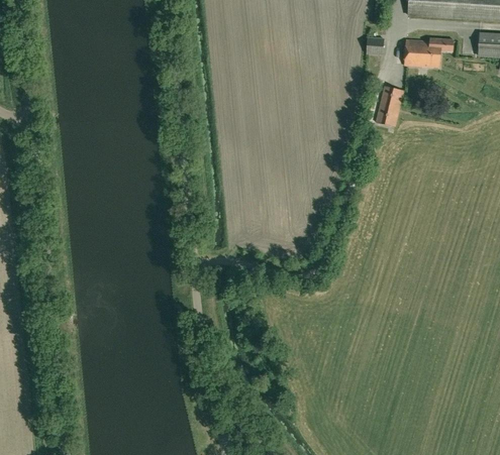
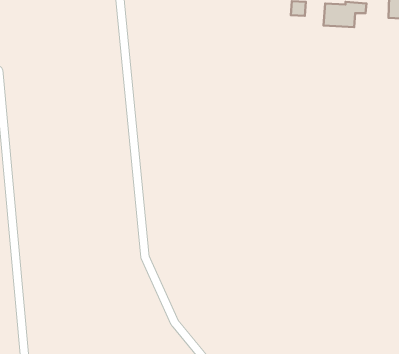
building: [376,85,403,125] -> none

